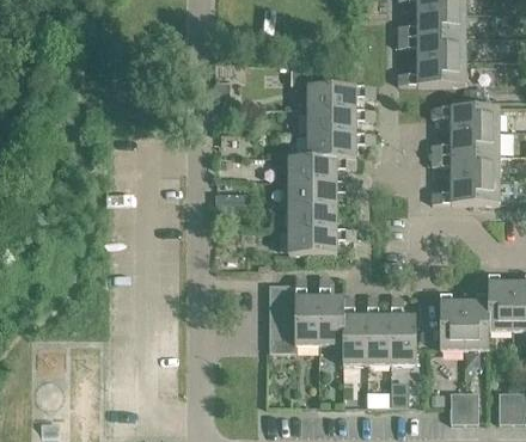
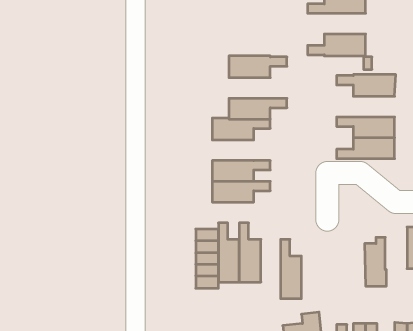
building: [397,35,464,59] -> none
building: [306,109,373,133] -> none
building: [430,130,497,154] -> none
building: [287,180,354,204] -> none
building: [487,274,512,330] -> none
building: [439,293,464,349] -> none
building: [342,295,366,363] -> none
building: [390,295,415,363] -> none

